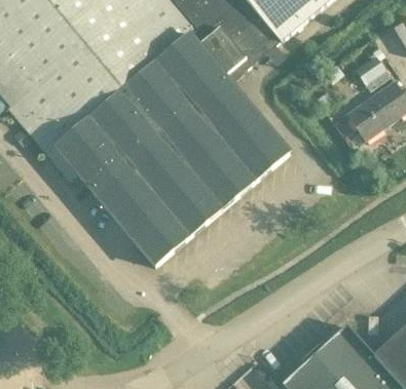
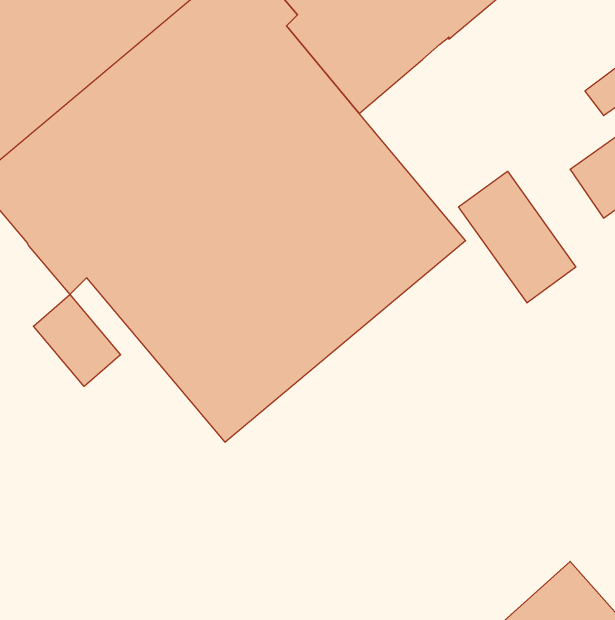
building: none -> [459,171,576,303]
building: none -> [33,295,121,386]

